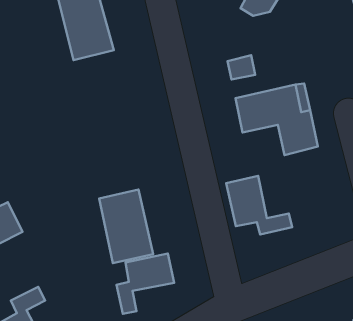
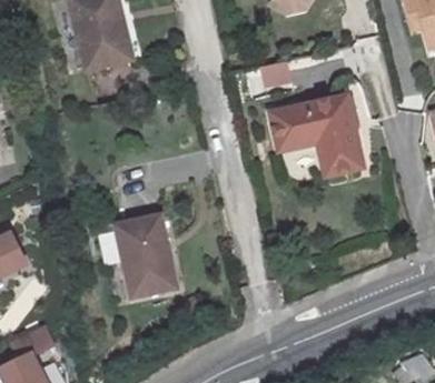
building: [226,176,292,235] -> none
building: [116,254,174,314] -> none

